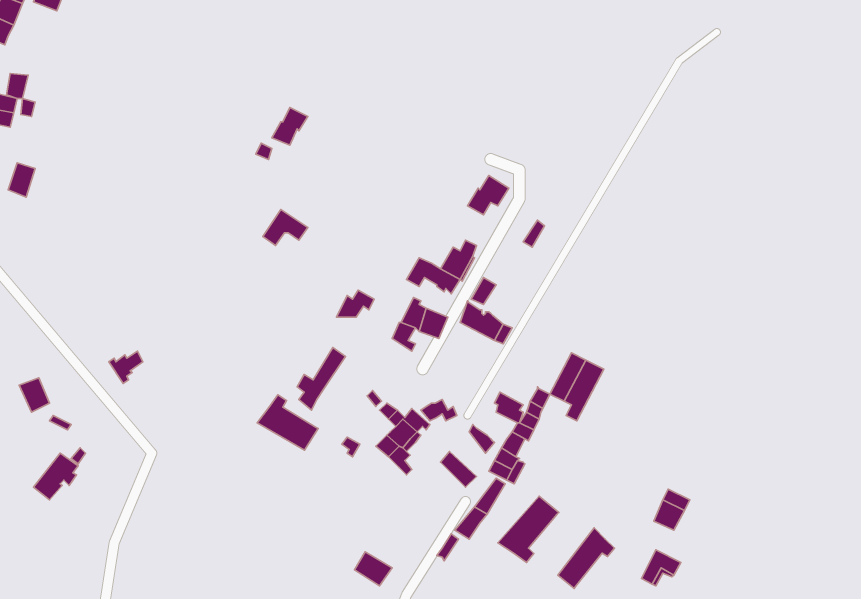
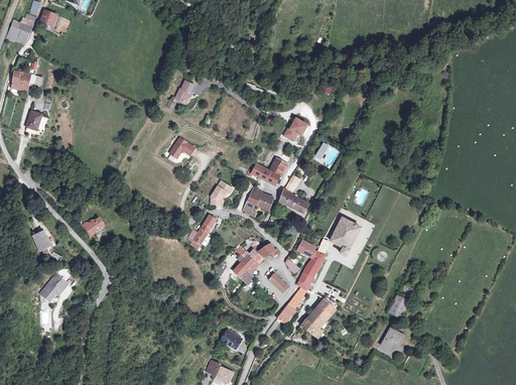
building: [257,395,318,450] -> none
building: [558,528,614,589] -> none

